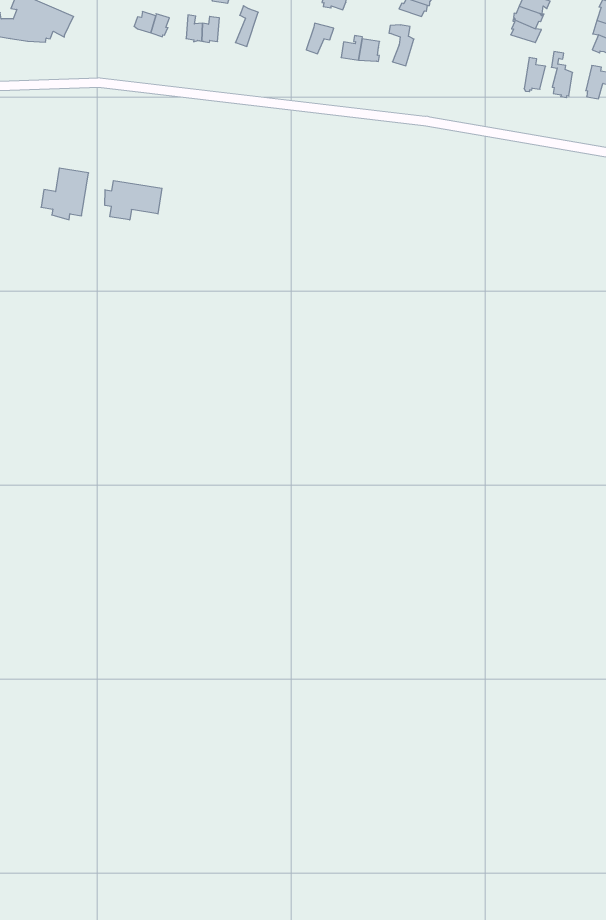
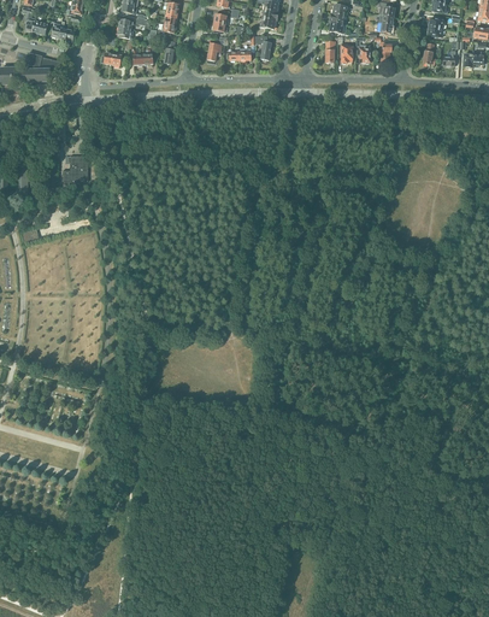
building: [105,181,162,220] -> none

